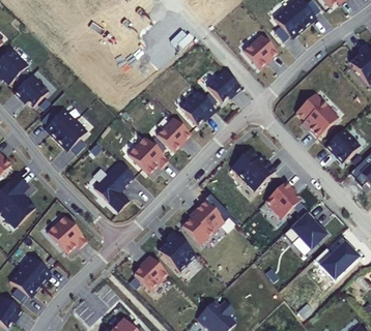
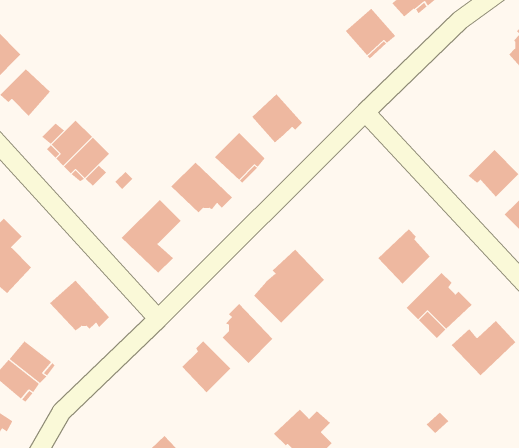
building: [207,69,241,101] -> none
building: [296,93,339,138] -> none
building: [231,148,276,190] -> none

